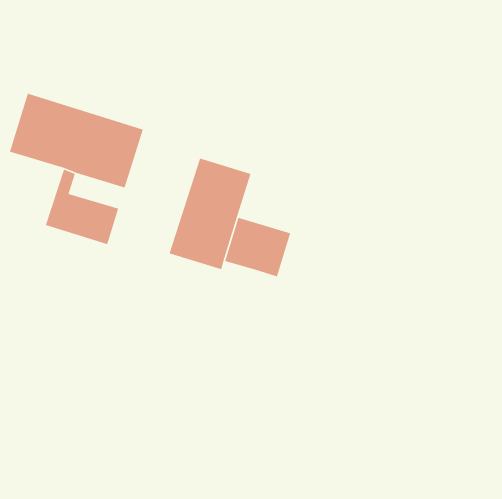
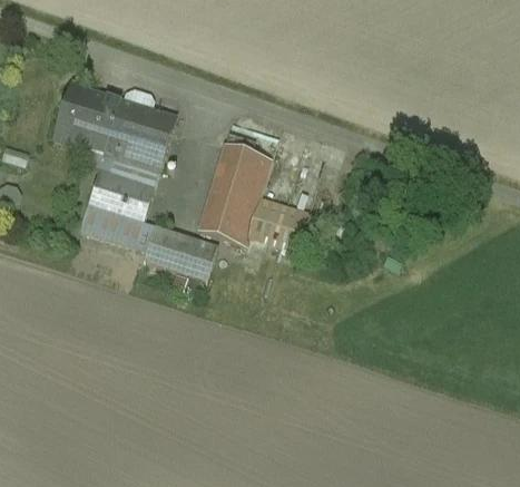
building: none -> [79,204,143,245]
building: none -> [143,225,217,280]

